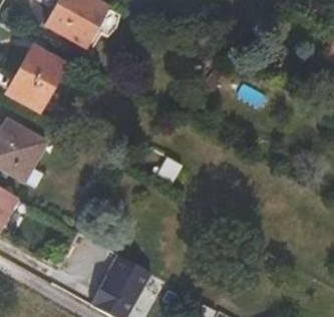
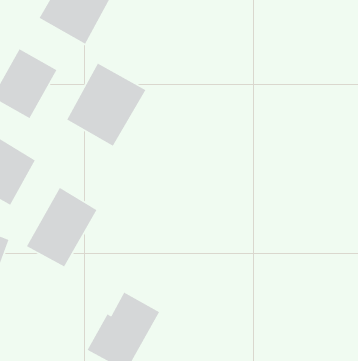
building: none -> [66,63,146,147]
building: none -> [26,187,97,267]

